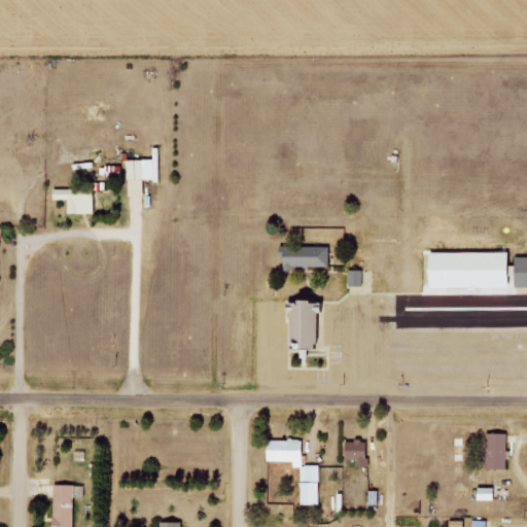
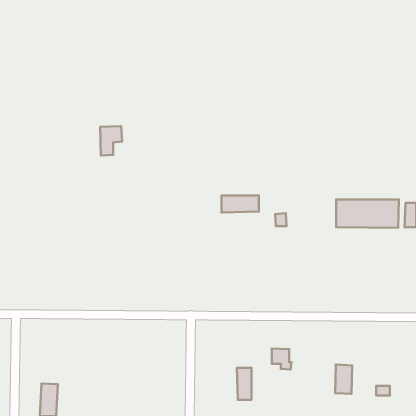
building: [68,195,93,214] -> none
building: [288,303,324,350] -> none
building: [484,433,505,470] -> [335,365,352,394]
building: [266,440,303,468] -> none

